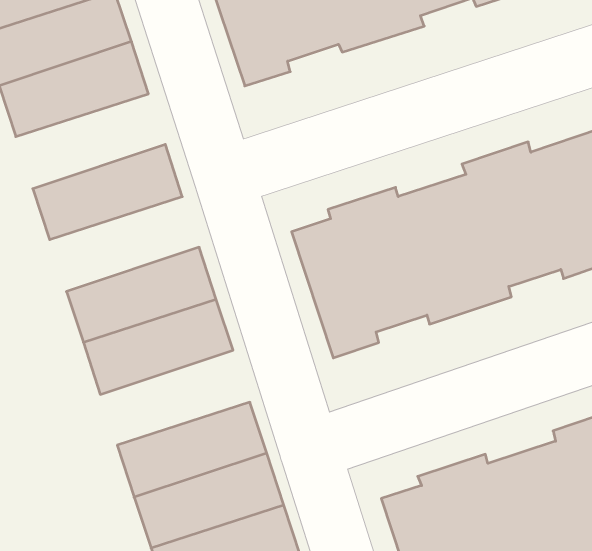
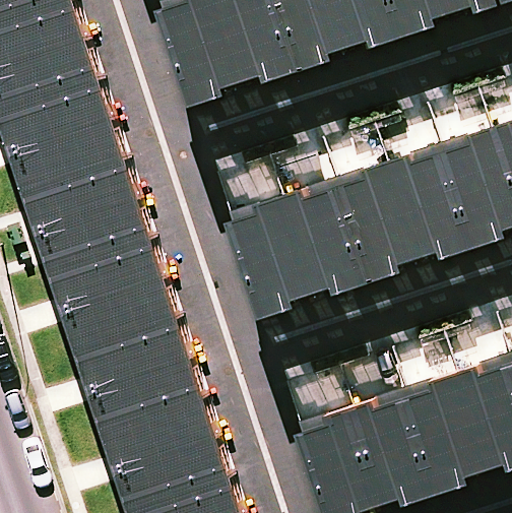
building: none -> [14,113,131,187]
building: none -> [41,193,157,267]
building: none -> [80,313,197,387]

